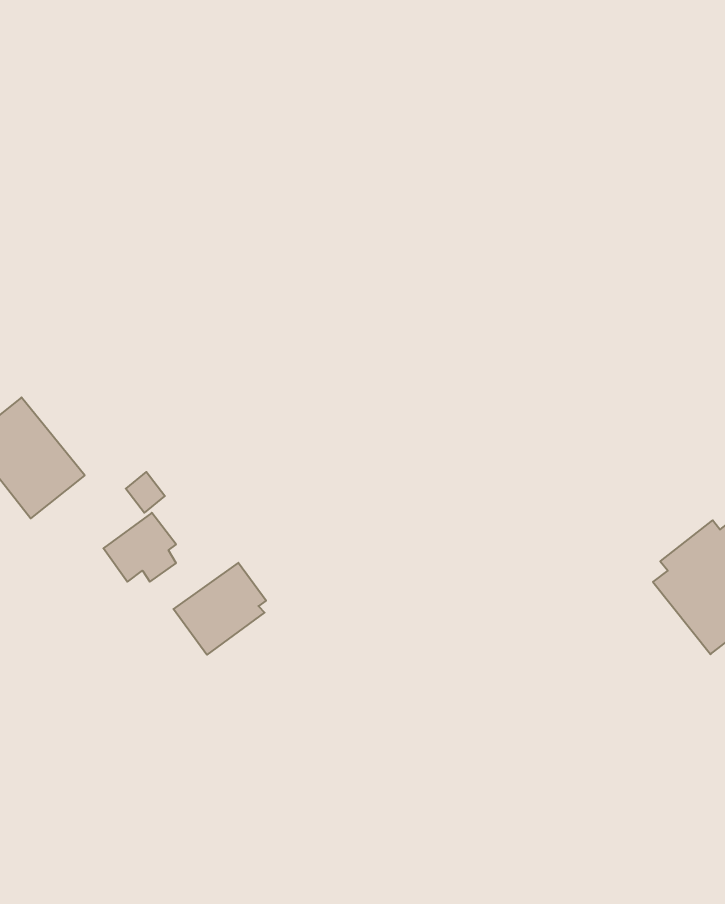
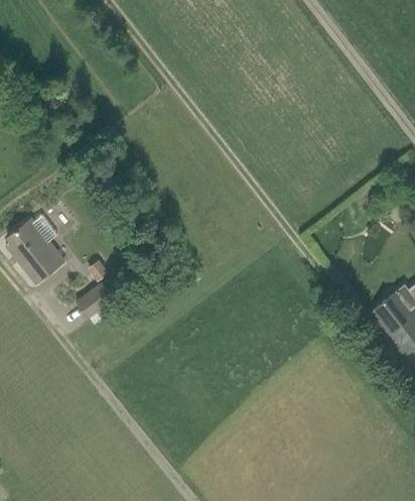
building: [173,563,266,655] -> none

